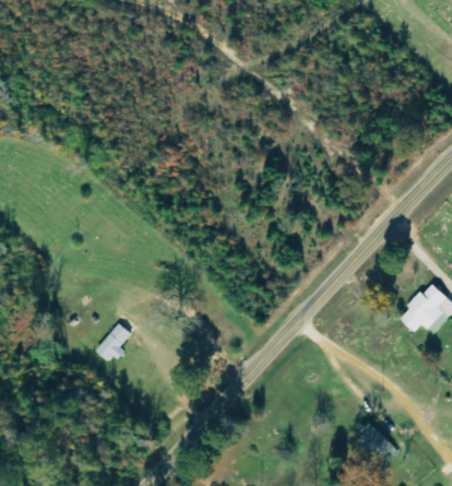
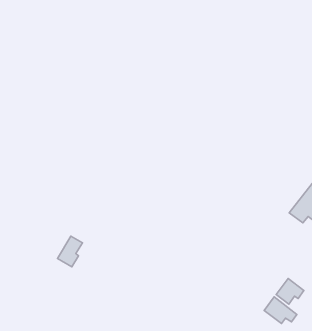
building: none -> [276,278,304,304]

